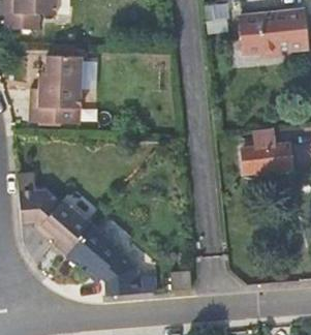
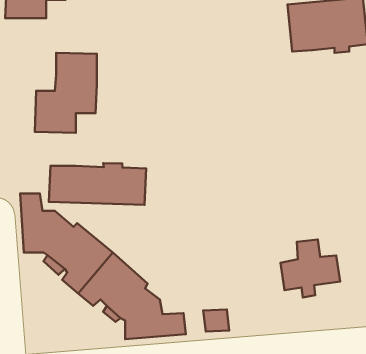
building: [241,132,290,181] -> [281,240,340,298]
building: none -> [49,163,146,205]

